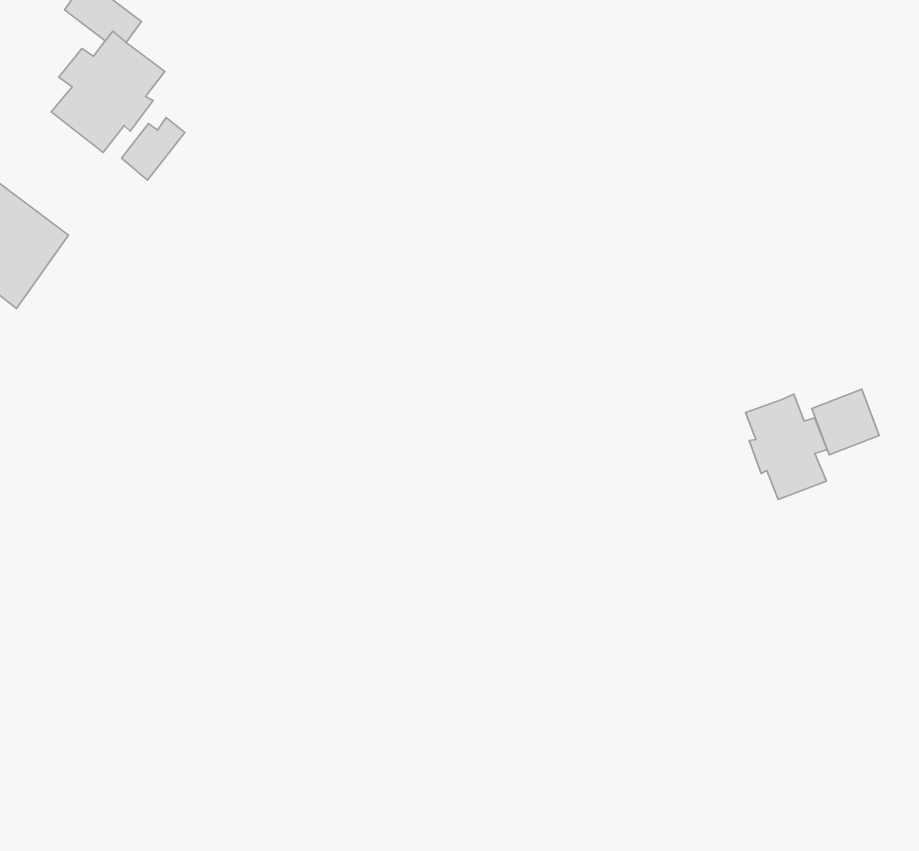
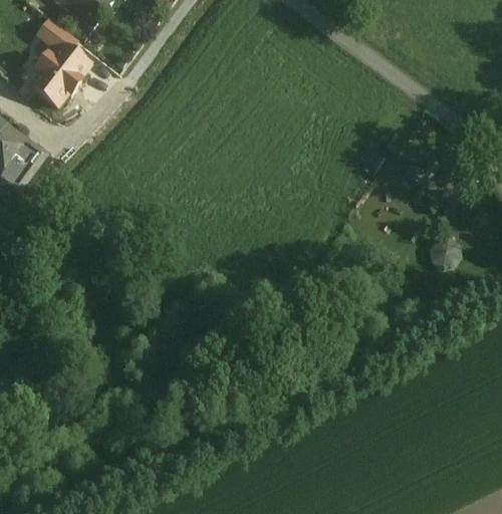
building: [122,118,185,180] -> none
building: [746,394,827,500] -> none

